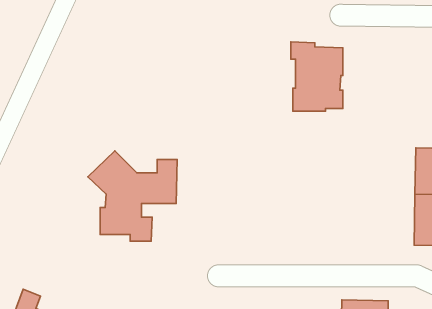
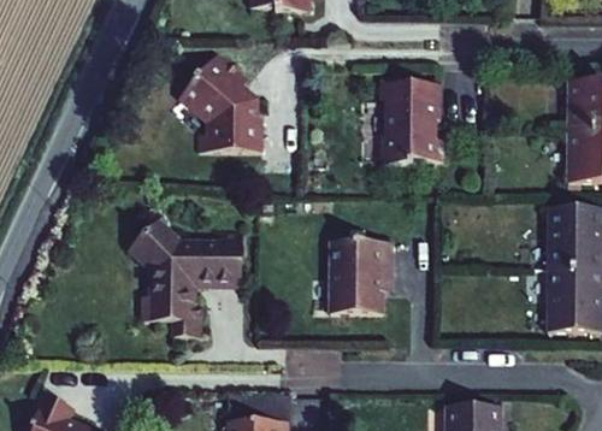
building: none -> [176,54,267,154]
building: none -> [329,241,391,314]

